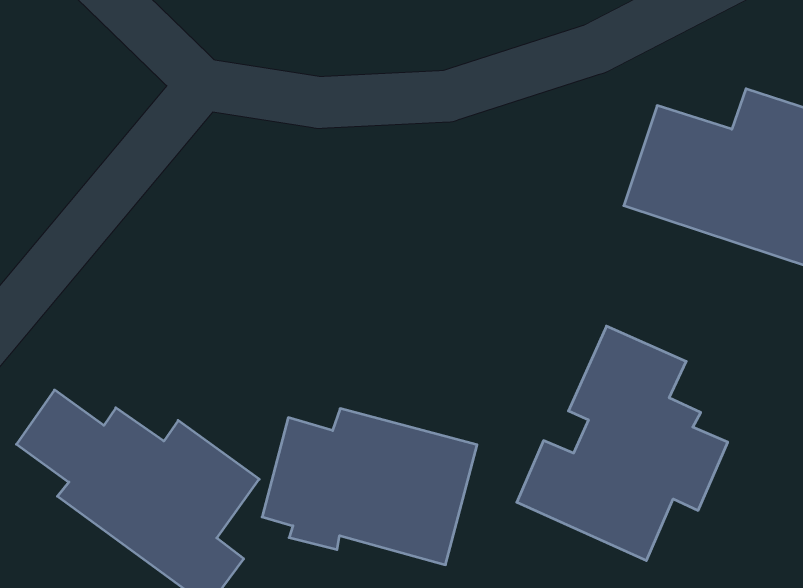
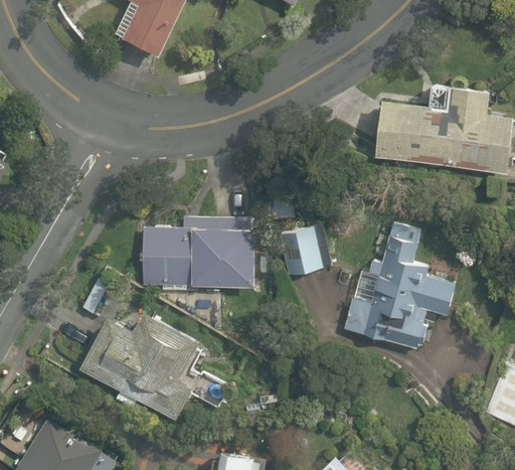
building: none -> [282,228,331,277]
building: [262,409,477,565] -> [143,213,256,293]

